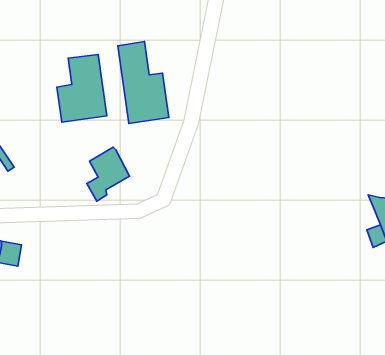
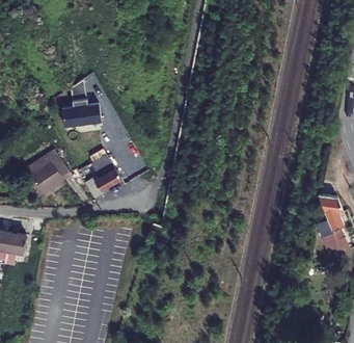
building: [118,41,169,124] -> none
building: none -> [23,158,71,202]

